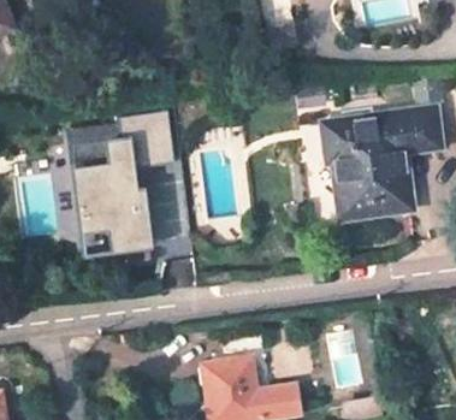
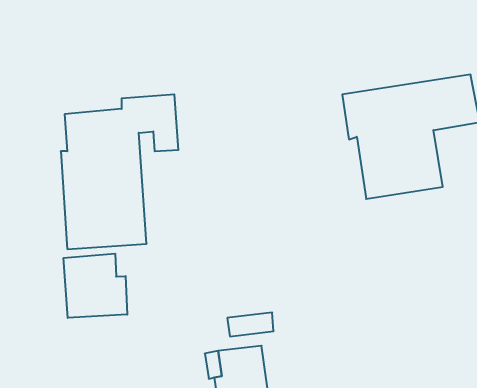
building: none -> [64,254,127,318]

